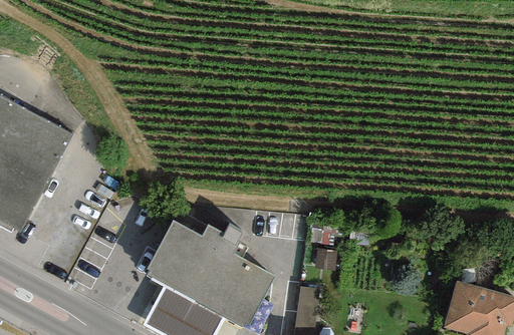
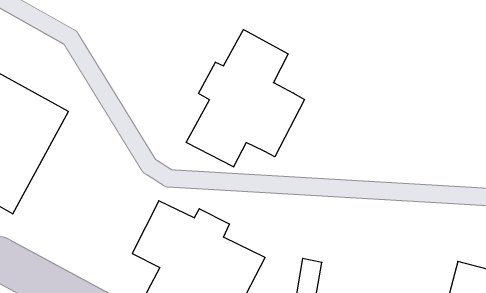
building: none -> [186,30,304,167]

